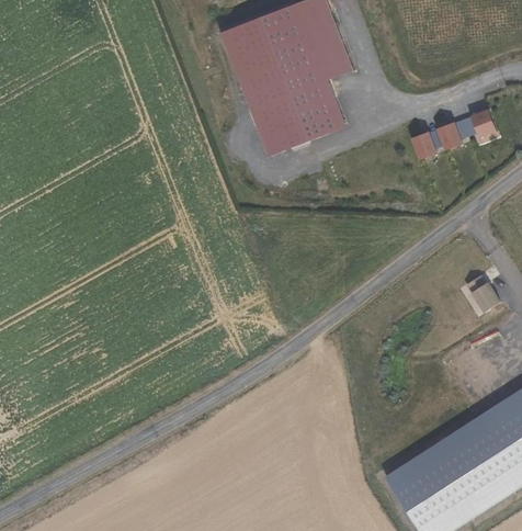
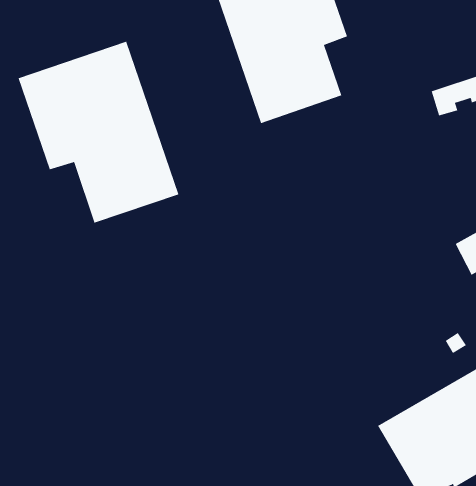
building: none -> [18,41,179,223]
building: [411,133,439,163] -> none

